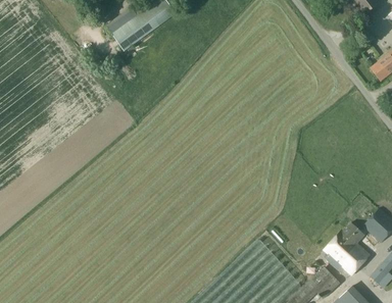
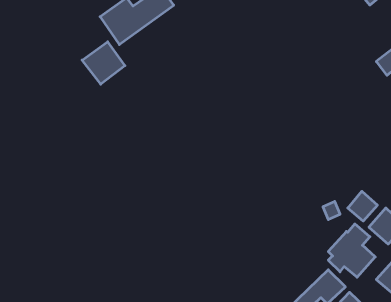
building: none -> [82,42,125,84]
building: none -> [348,191,377,221]

